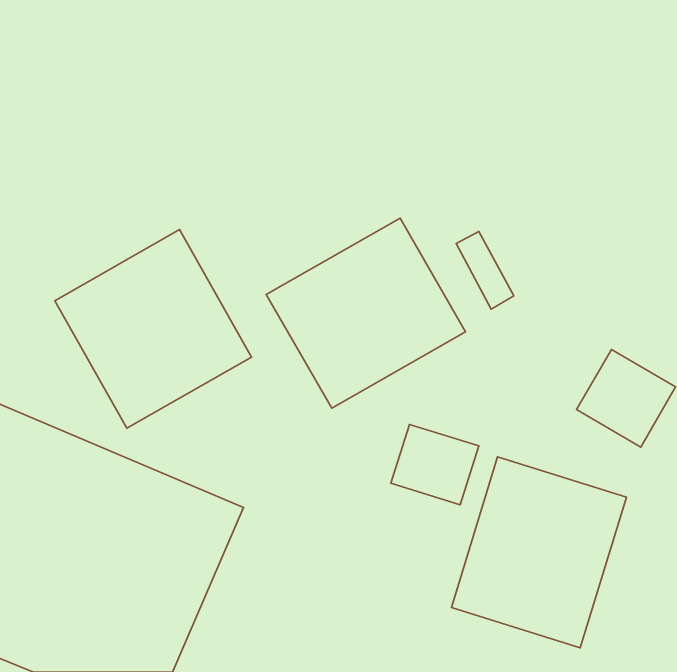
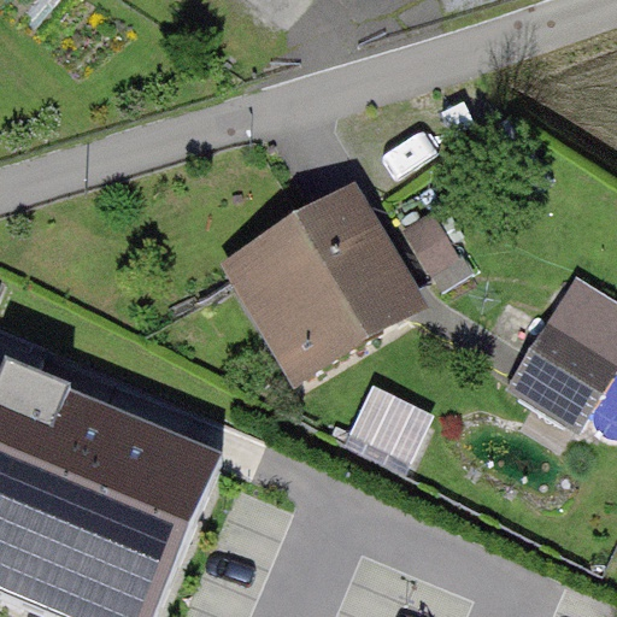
building: [55,229,252,428] -> none
building: [451,457,626,648] -> none

